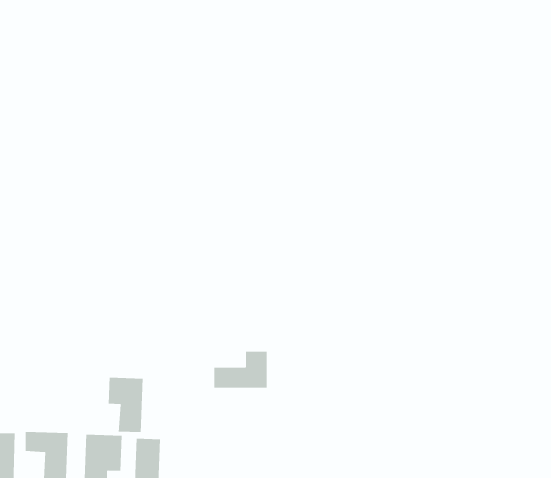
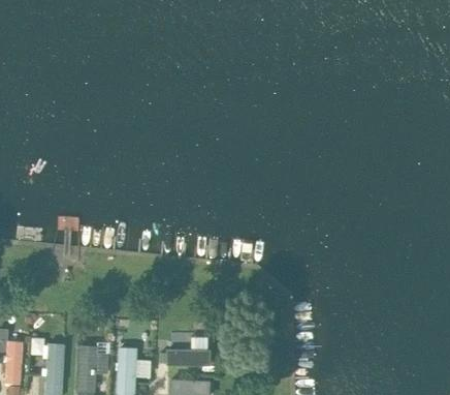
building: [213,351,268,388] -> [165,335,207,364]
building: [108,377,143,433] -> none

